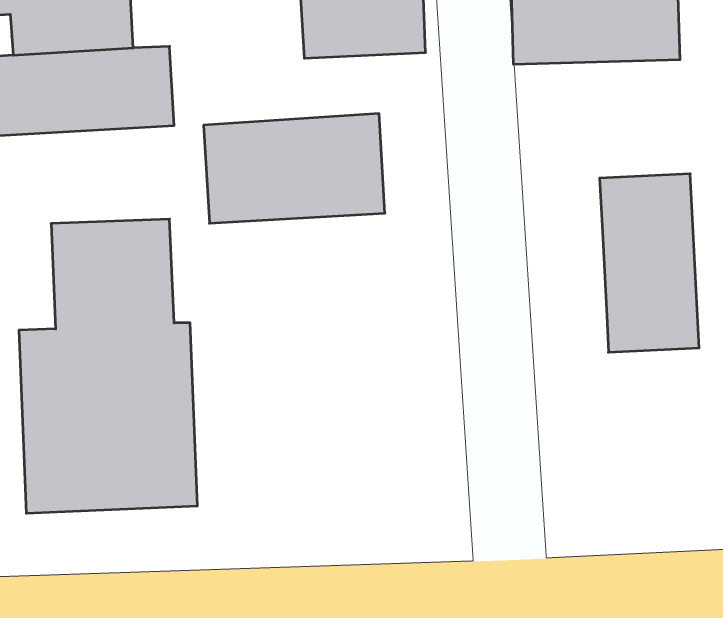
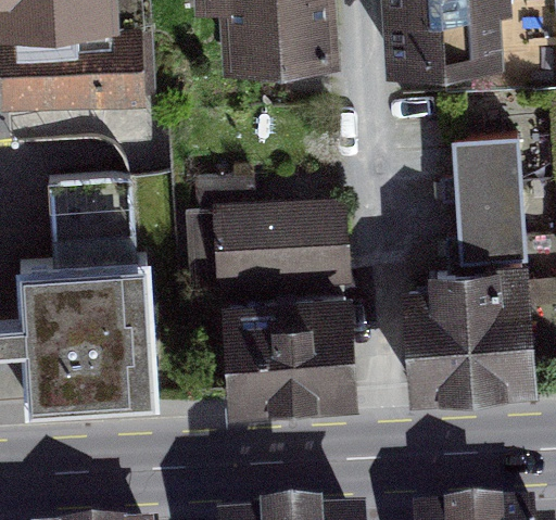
building: [204,114,385,223] -> [212,199,346,280]
building: none -> [412,274,531,388]
building: none -> [229,299,349,403]

